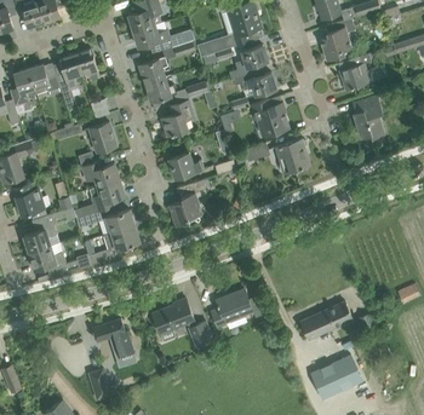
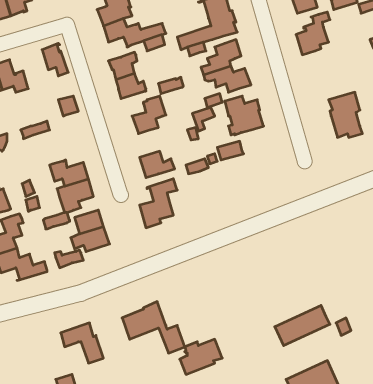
building: [339,52,373,90] -> none
building: [56,54,80,110] -> none
building: [88,122,116,152] -> none
building: [274,138,310,174] -> none
building: [211,293,252,327] -> [180,339,222,374]

